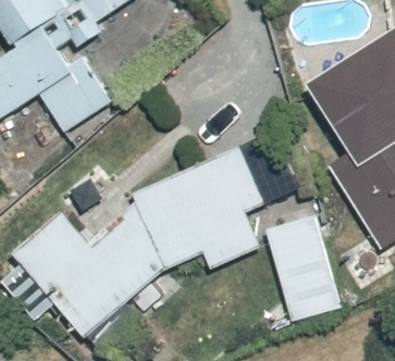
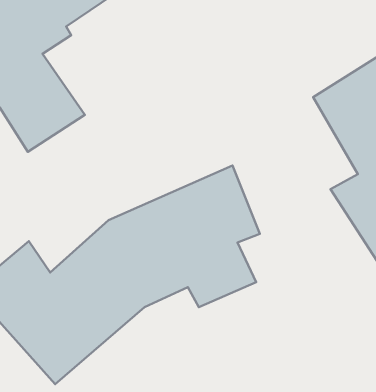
building: [261,196,346,318] -> none

